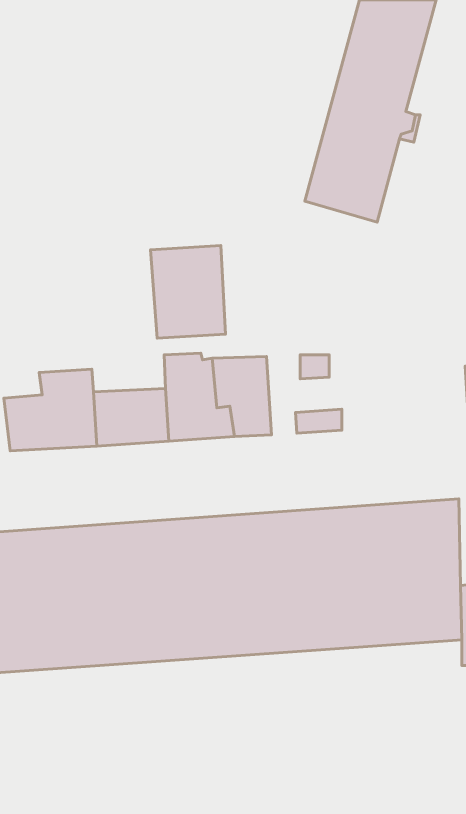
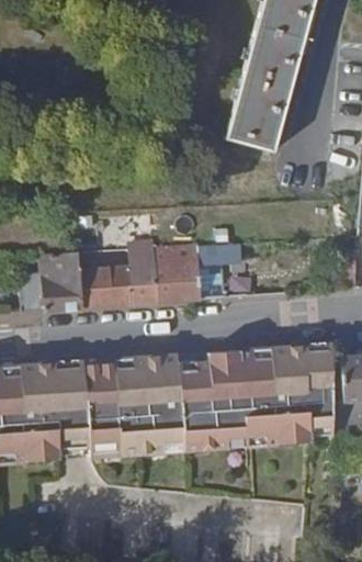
building: [150,246,225,338] -> none

